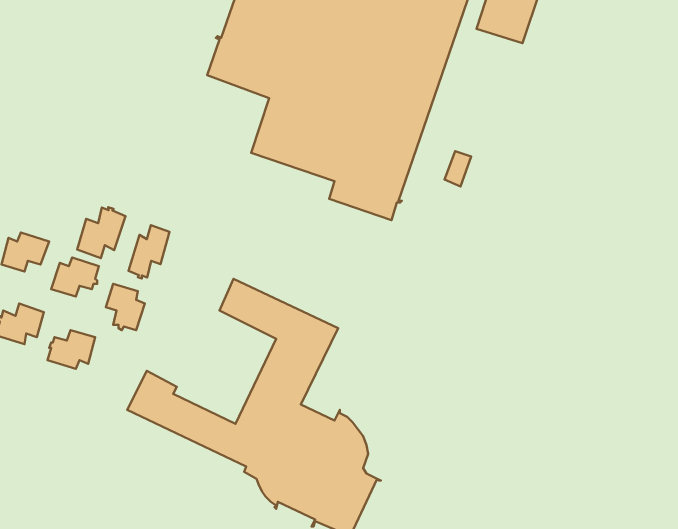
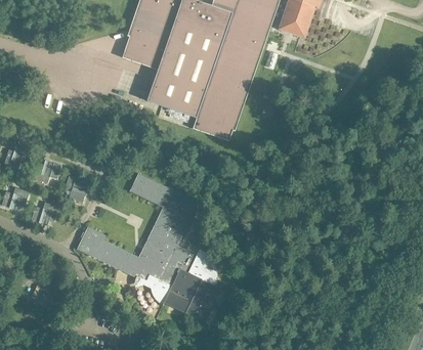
building: [77,207,126,258] -> none
building: [128,225,170,278] -> none

